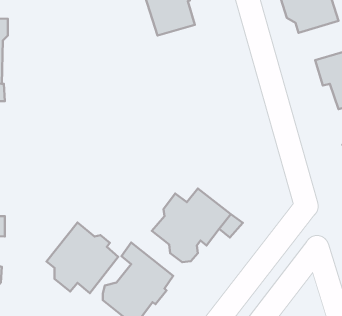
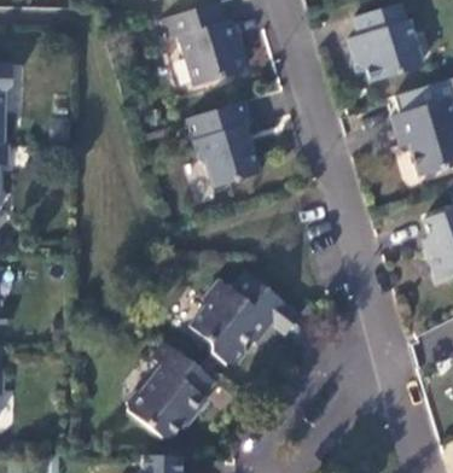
building: none -> [186,101,259,186]
building: [47,222,118,293] -> none

